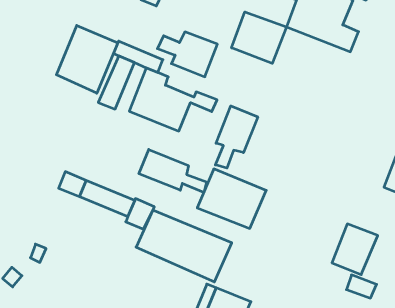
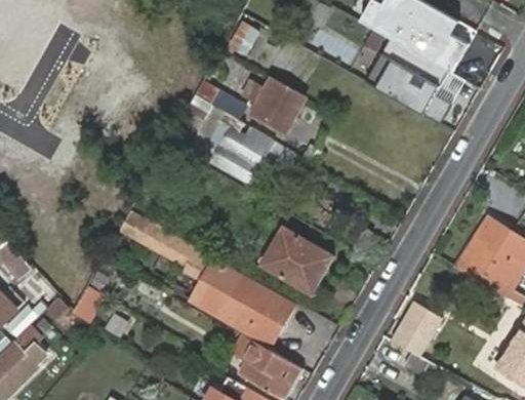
building: [232,12,286,63] -> none
building: [56,25,118,93] -> none
building: [215,106,258,168] -> none
building: [139,149,206,192] -> none

